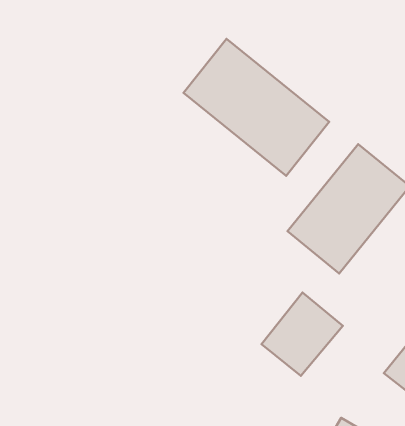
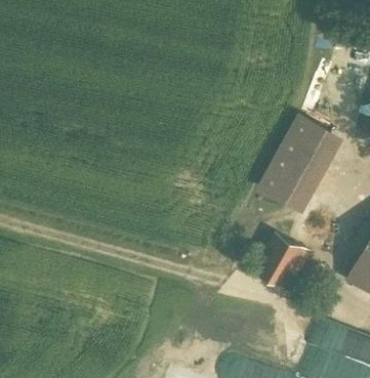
building: [183,39,329,176] -> none

